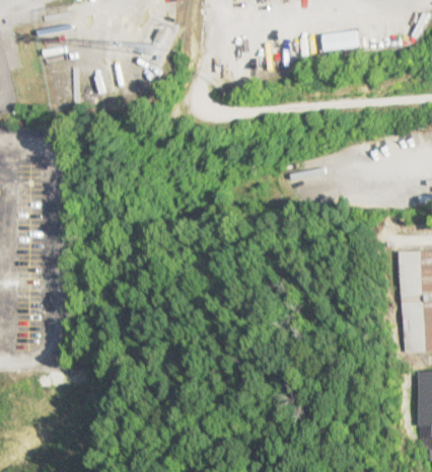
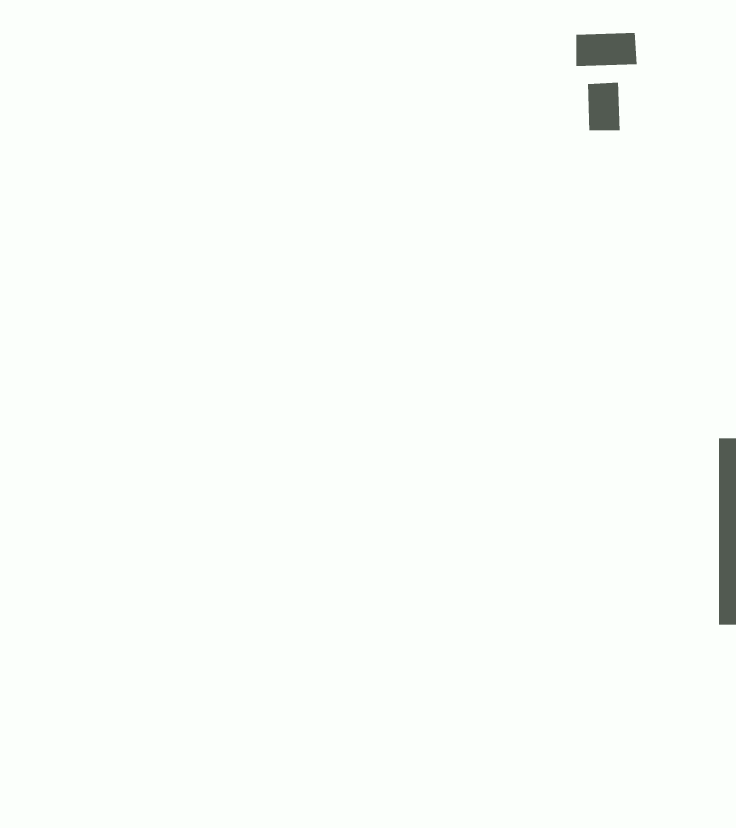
building: none -> [587,82,620,131]

